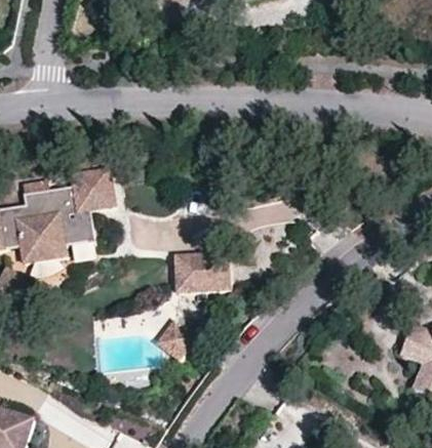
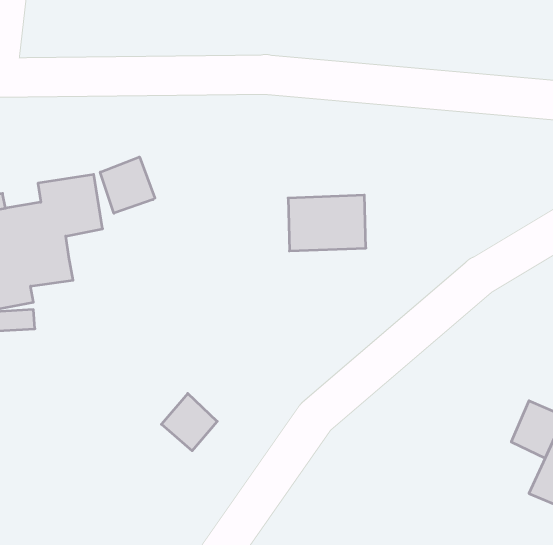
building: none -> [100,157,155,213]
building: [174,252,229,291] -> [288,195,366,251]

